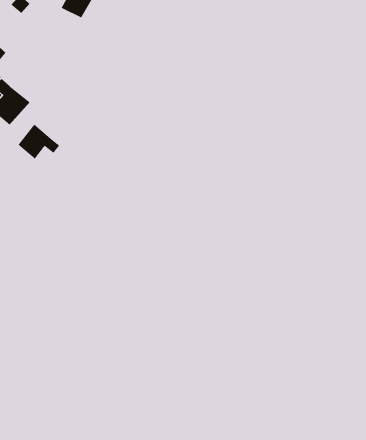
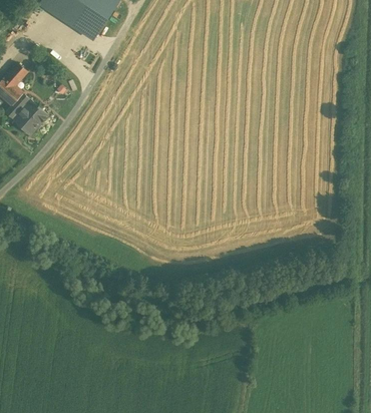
building: [18,124,60,160] -> none

